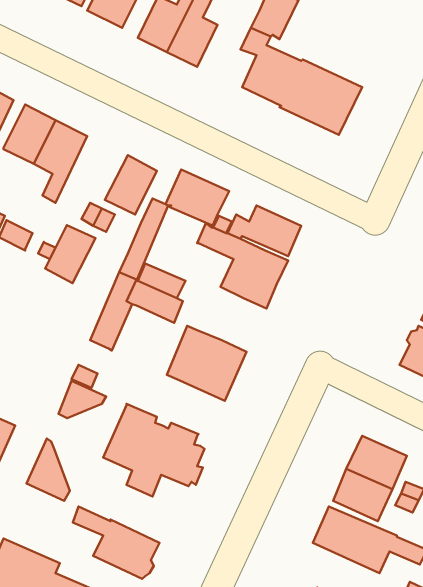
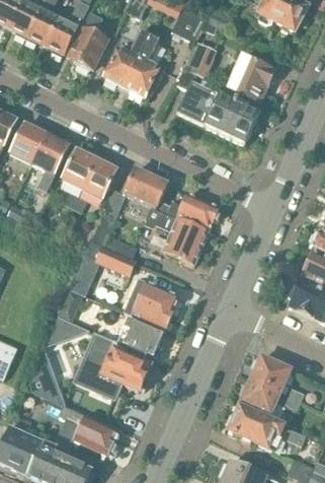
building: none -> [225,54,274,102]
building: [45,225,96,283] -> [61,148,96,189]
building: none -> [116,317,163,356]

